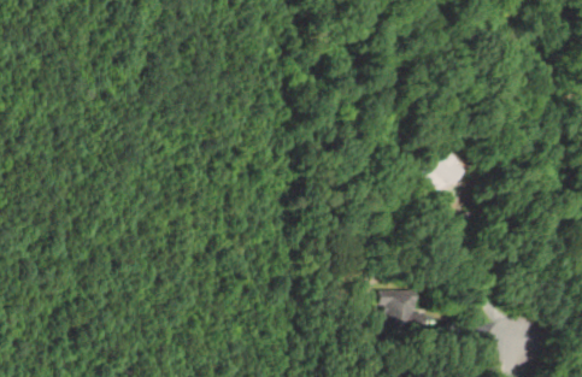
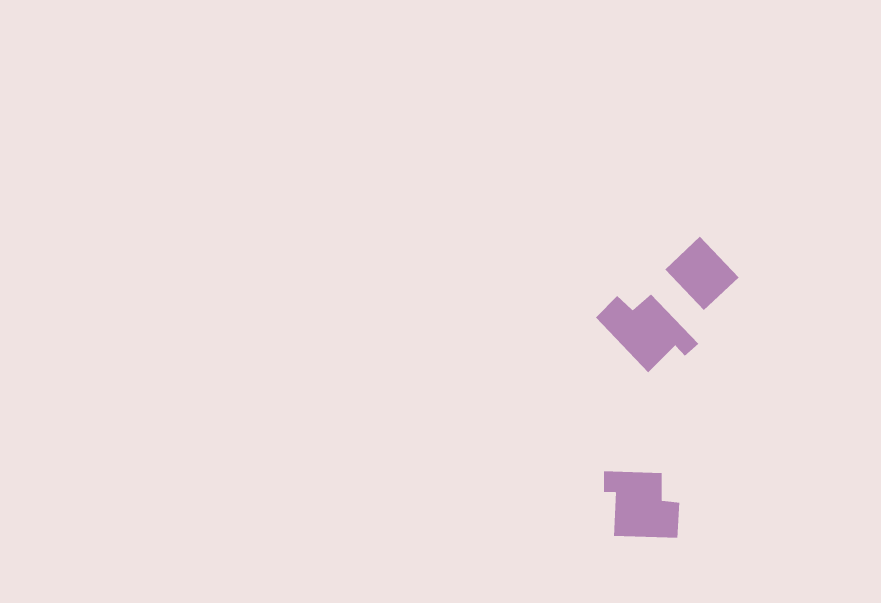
building: none -> [595,293,699,373]

